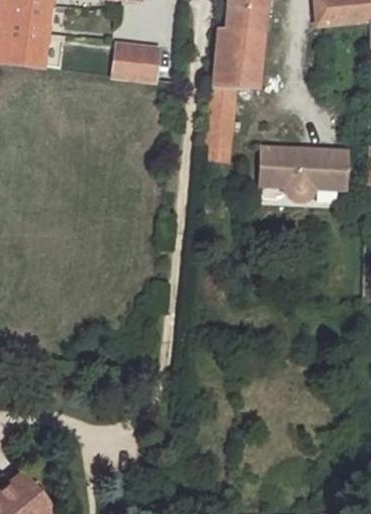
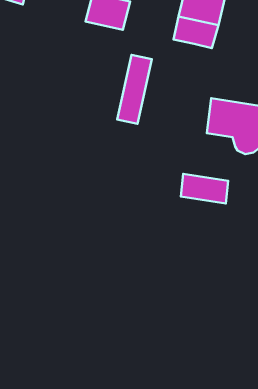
building: [205,86,235,162] -> [117,55,152,124]
building: none -> [181,174,228,204]

